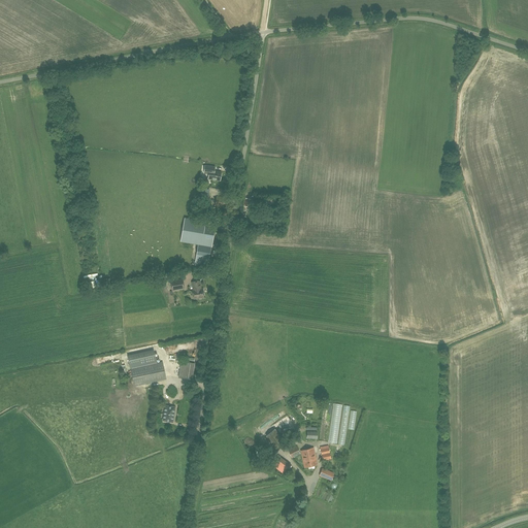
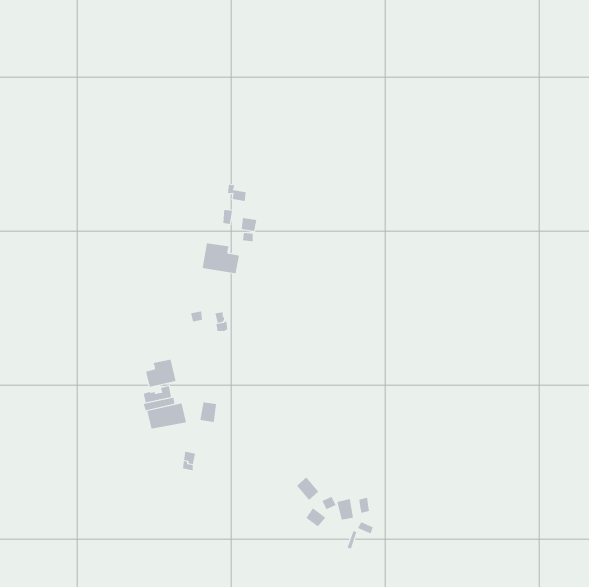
building: none -> [145,359,176,387]

